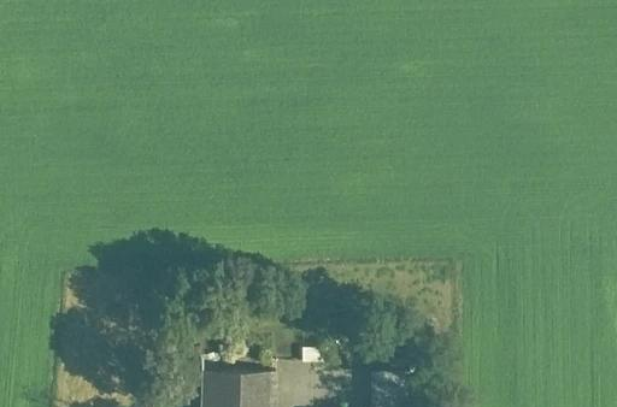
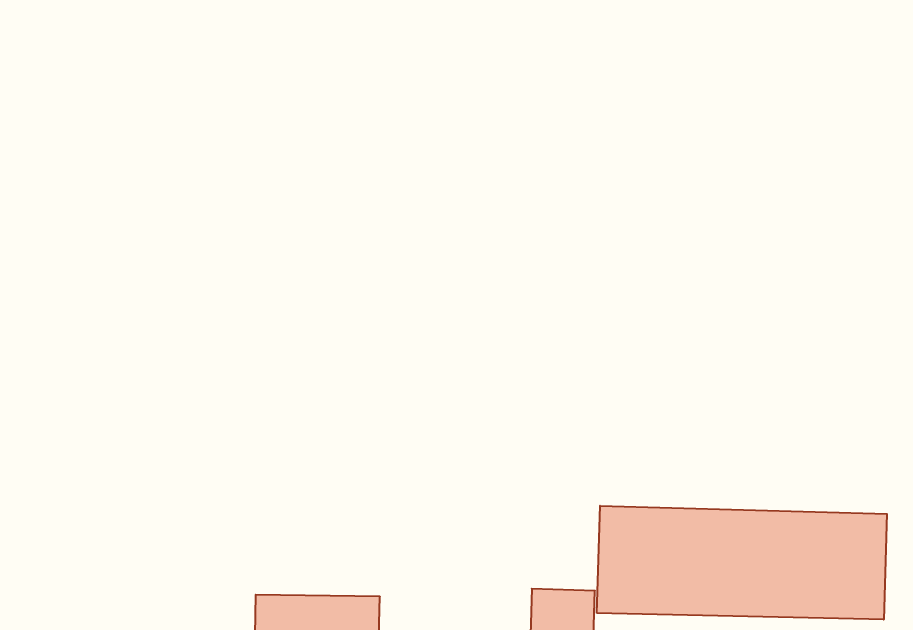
building: none -> [597,506,887,620]

